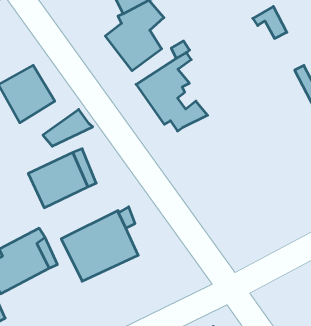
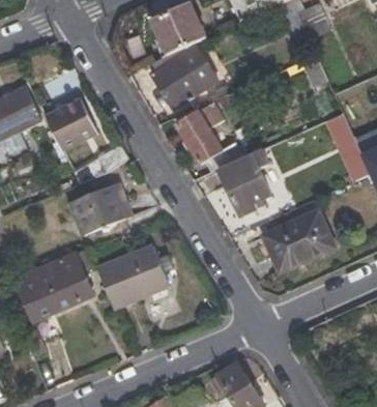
building: none -> [220,147,272,214]
building: none -> [267,213,334,268]

